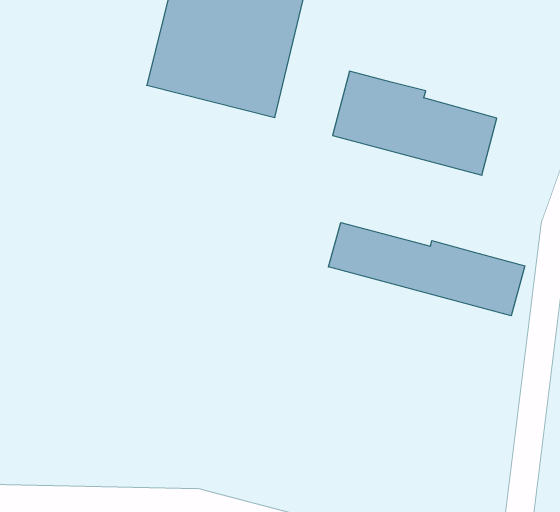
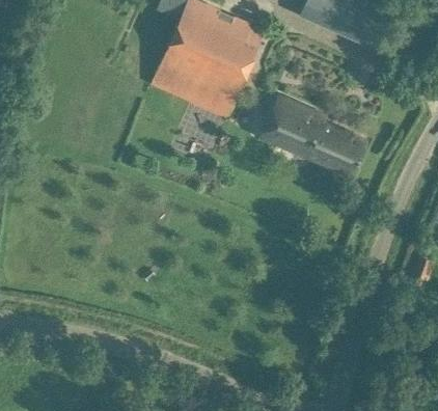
building: [328,223,525,316] -> none

